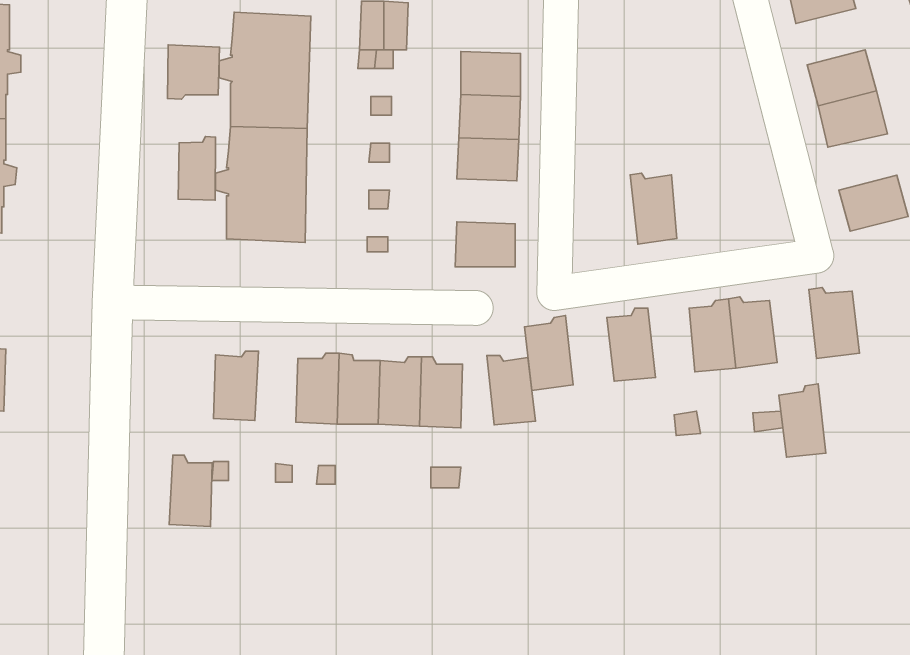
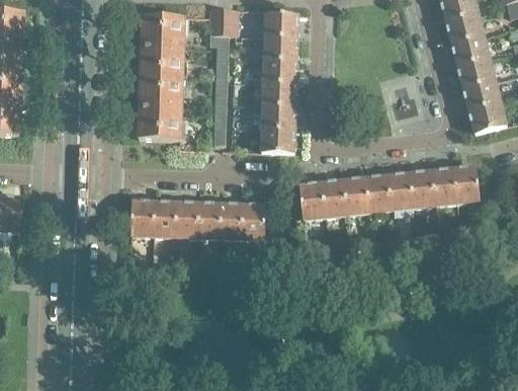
building: none -> [264,13,297,37]
building: none -> [445,13,483,44]
building: [167,45,220,99] -> none
building: none -> [462,81,500,111]
building: [178,137,216,200] -> none
building: [630,173,677,244] -> [365,174,391,213]
building: none -> [262,105,294,130]
building: [487,356,535,425] -> [321,179,347,217]
building: [779,384,826,457] -> [431,165,456,205]
building: [169,455,212,526] -> [153,199,176,237]

